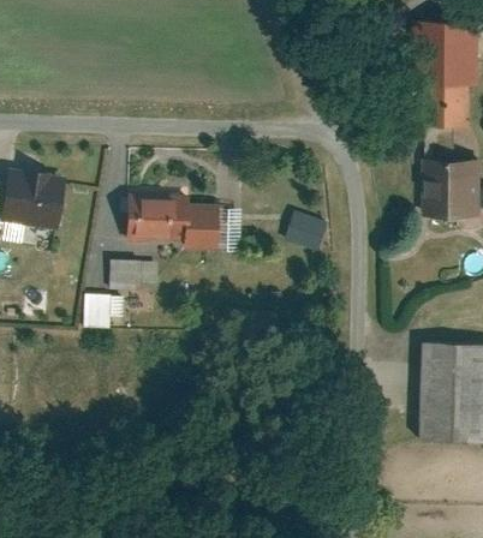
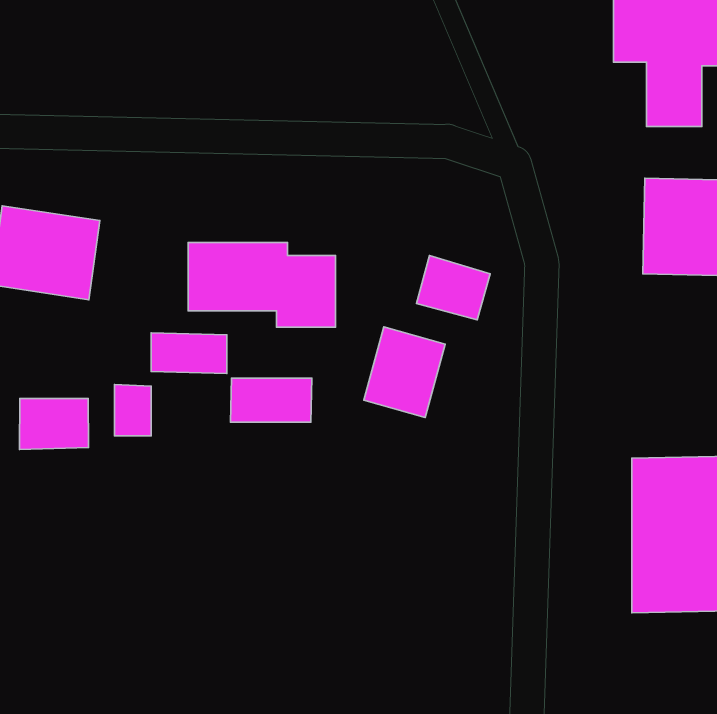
building: none -> [364,327,445,418]
building: none -> [231,378,312,422]
building: none -> [20,399,89,449]

